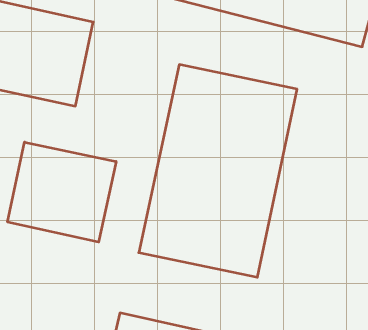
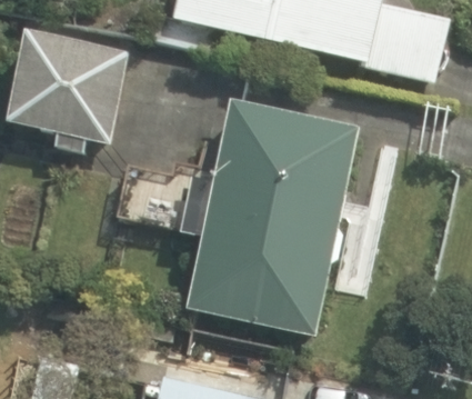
building: [8,142,116,242] -> none

